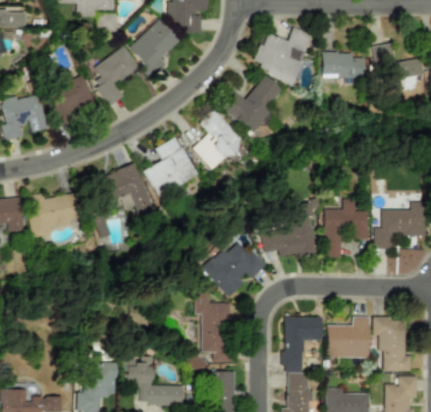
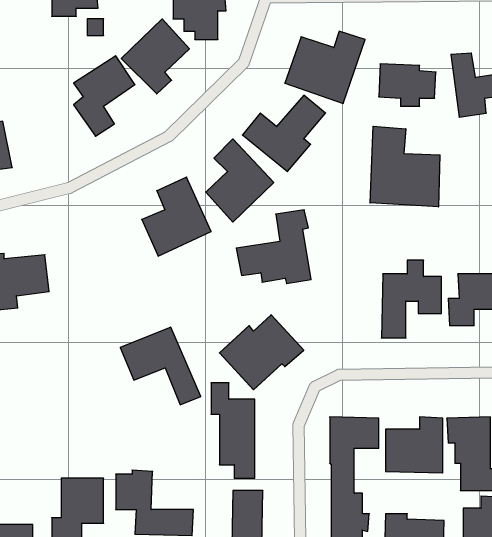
building: [50,75,96,120] -> none
building: none -> [370,126,440,207]
building: [97,163,157,221] -> [120,327,201,405]
building: [261,203,317,258] -> [236,210,311,284]

